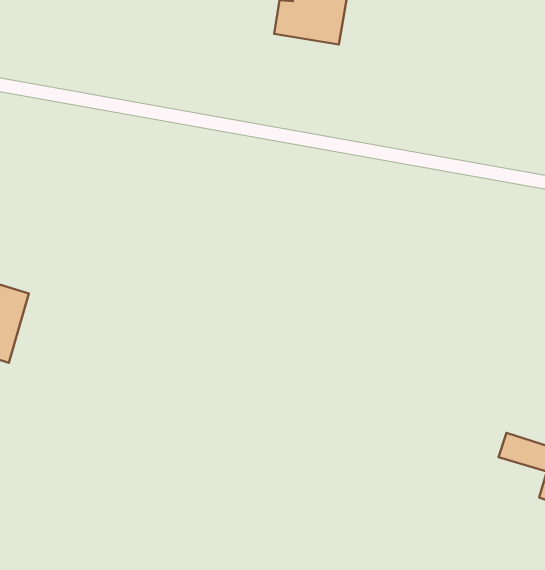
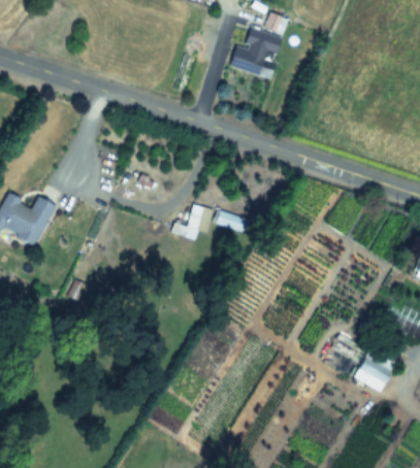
building: none -> [171,203,204,239]
building: none -> [214,207,252,236]

